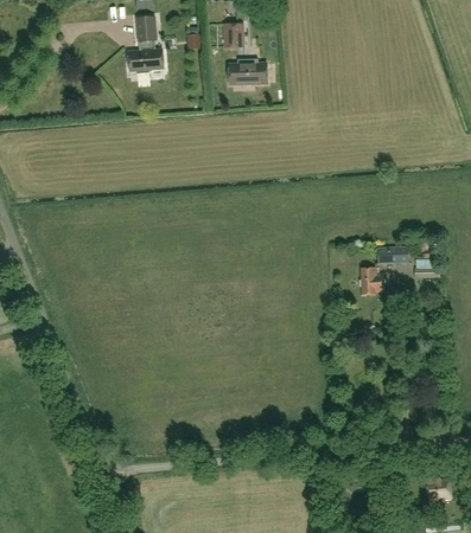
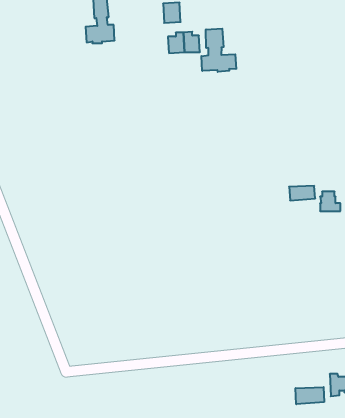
building: none -> [201,29,236,72]
building: [359,268,383,296] -> none
building: none -> [296,387,324,404]

